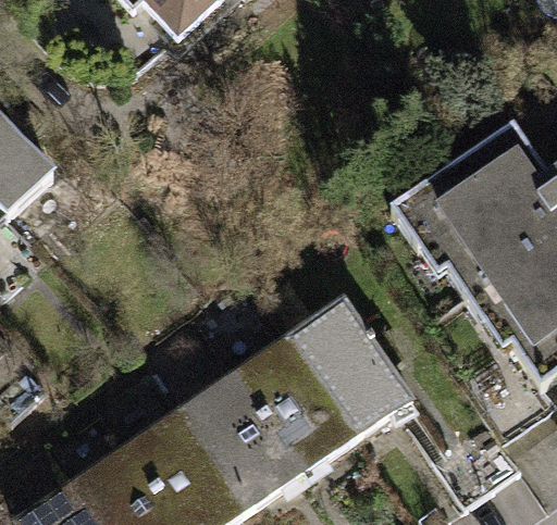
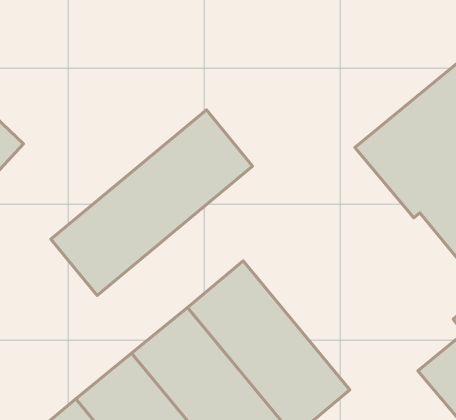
building: none -> [51,110,253,295]
building: [283,283,436,459] -> none

